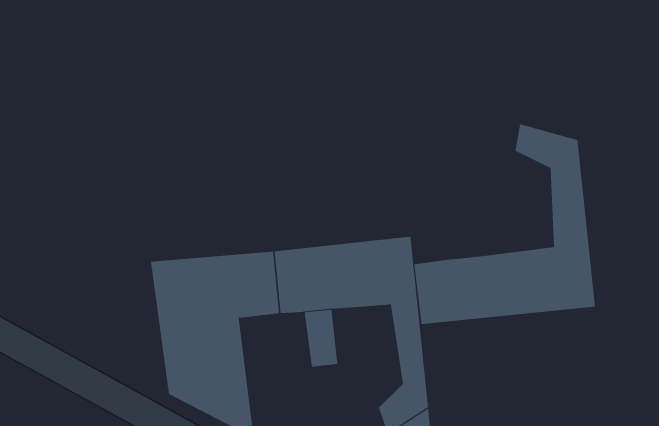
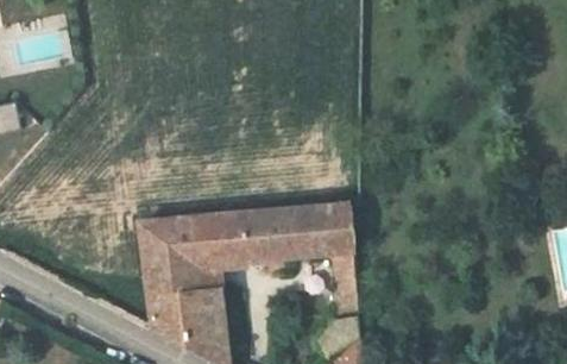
building: [414,124,595,325] -> none

